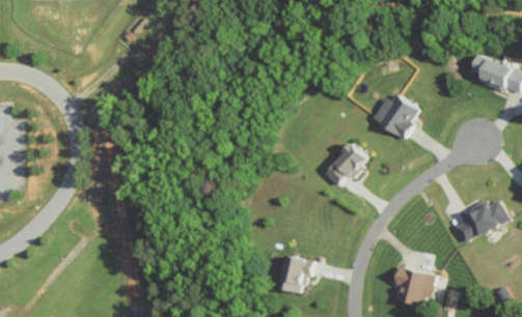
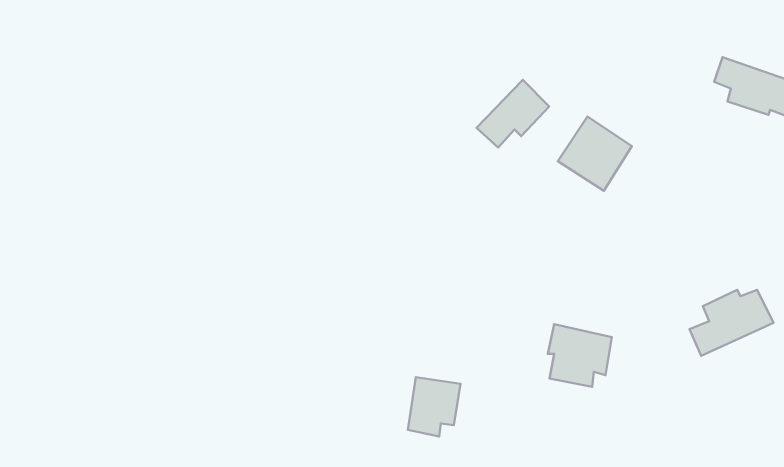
building: [322,143,367,185] -> [477,80,549,148]
building: [393,267,434,307] -> [548,324,612,387]

